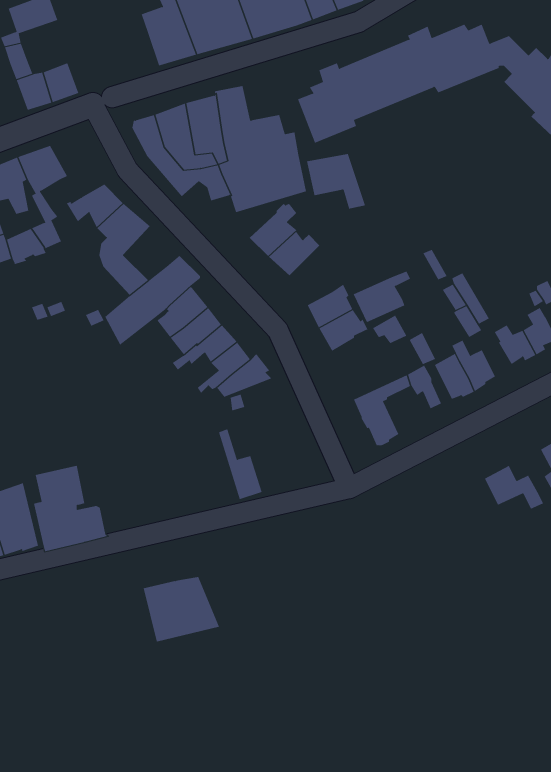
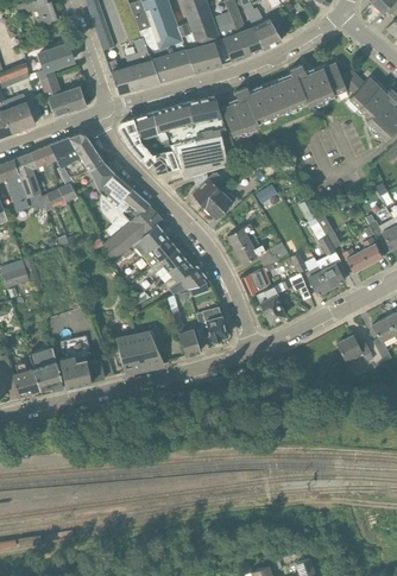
building: none -> [107,59,136,94]
building: none -> [69,133,102,173]
building: [306,153,366,209] -> [188,96,225,131]
building: none -> [114,188,150,221]
building: [353,271,411,323] -> [239,264,275,296]
building: none -> [196,308,227,341]
building: [143,577,220,642] -> [115,331,163,372]

